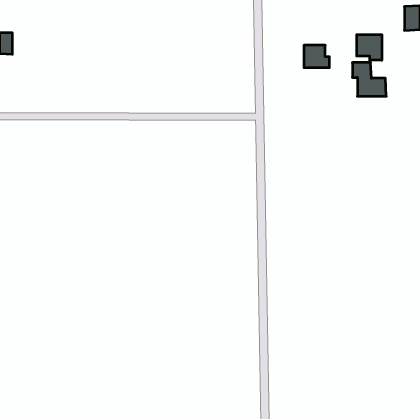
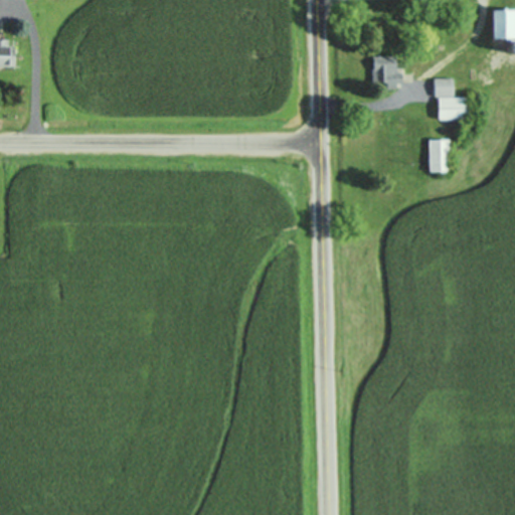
building: [357,35,382,60] -> none
building: none -> [428,140,450,173]

